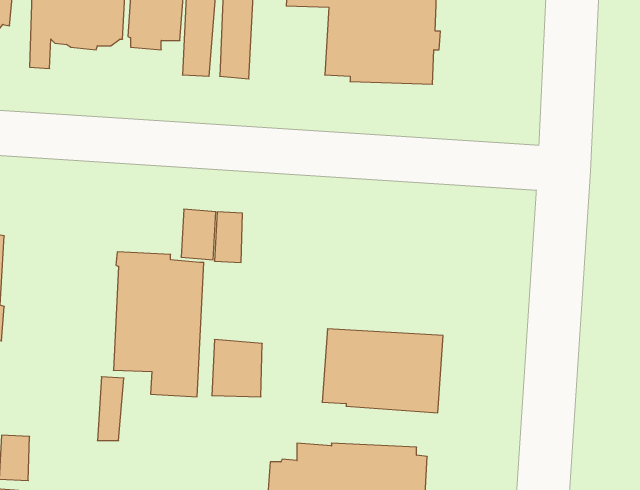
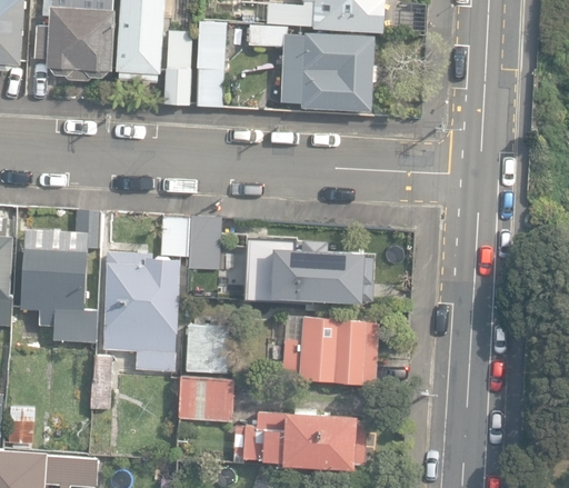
building: none -> [19,209,99,343]
building: none -> [248,236,366,302]
building: none -> [177,376,234,424]

